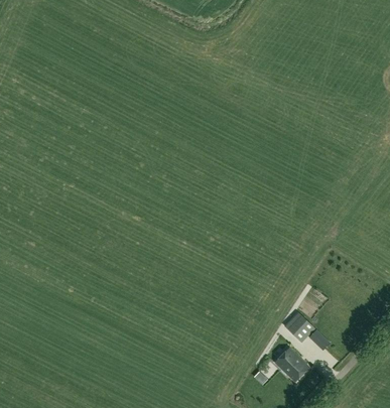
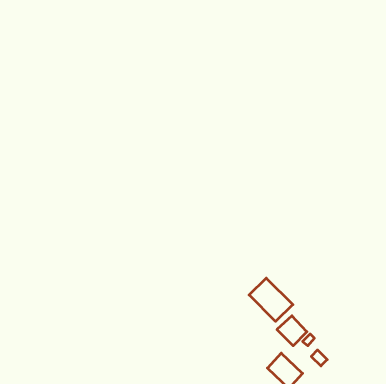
building: none -> [249,278,293,321]

